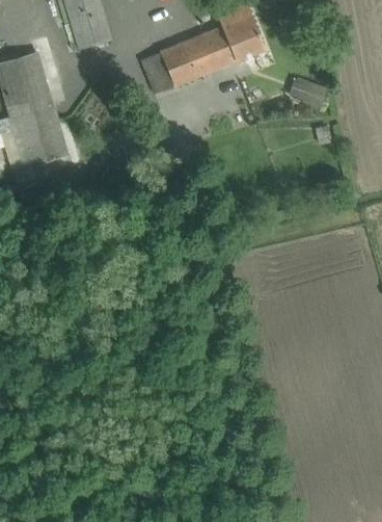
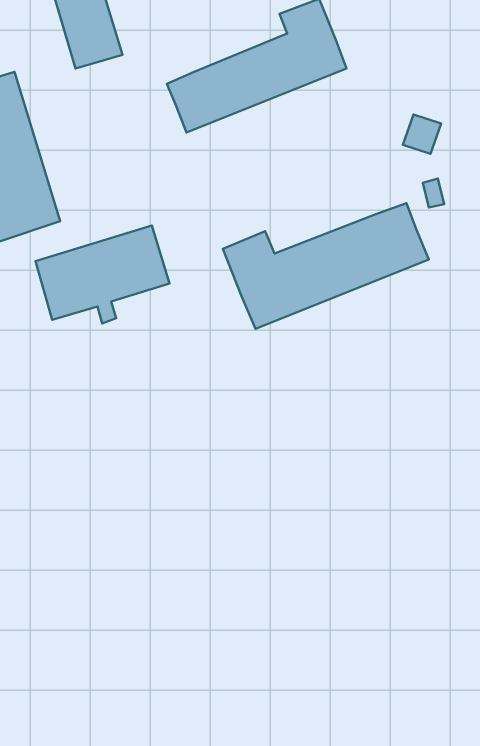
building: none -> [223,203,429,329]
building: none -> [36,225,169,323]

